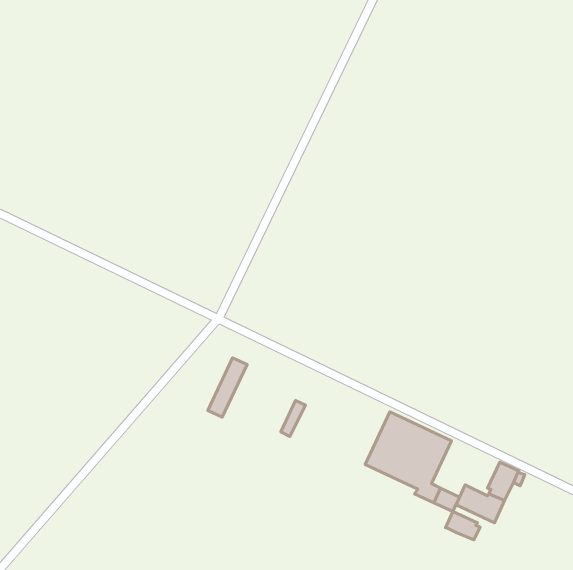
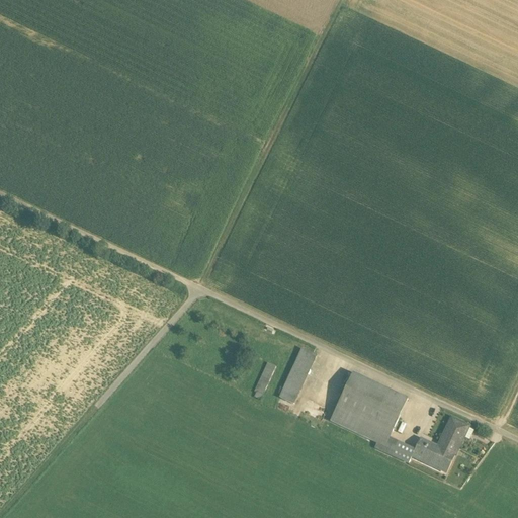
building: [208,358,247,417] -> [279,348,315,402]
building: [445,512,480,540] -> none

